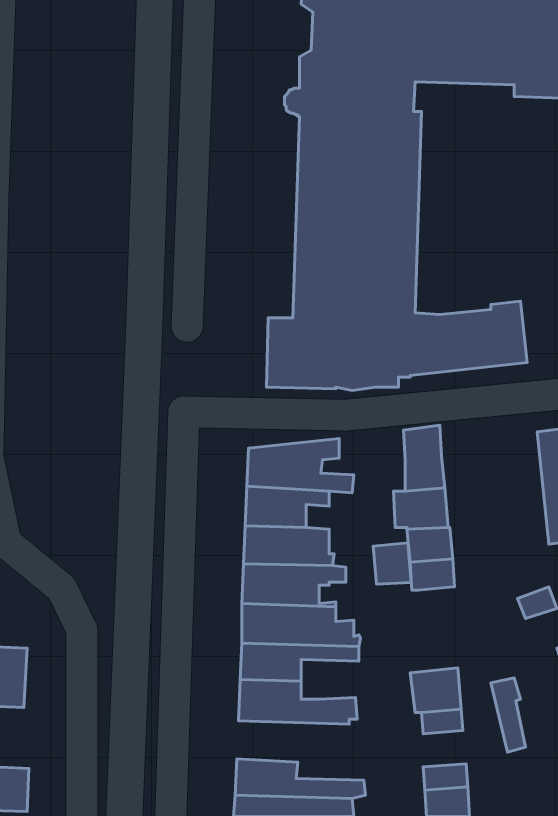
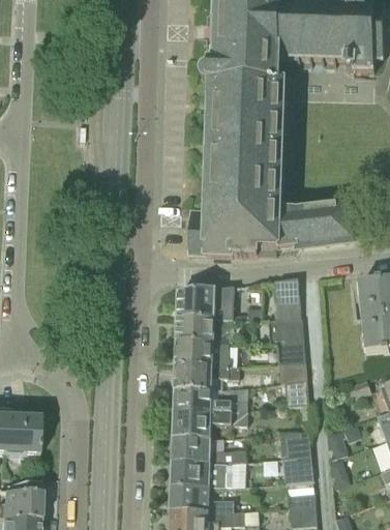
building: [373,543,411,584] -> [284,378,308,404]
building: none -> [171,462,241,488]

